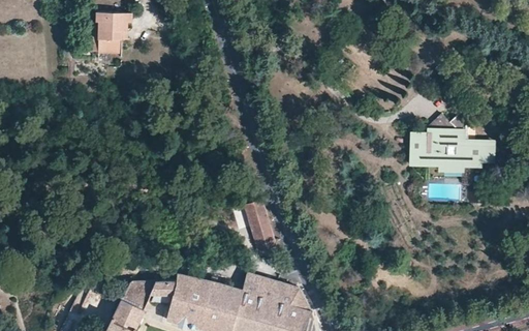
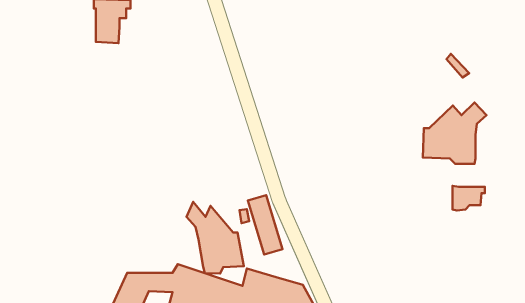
building: [464,144,495,168] -> [452,186,485,211]
building: none -> [186,202,244,273]

